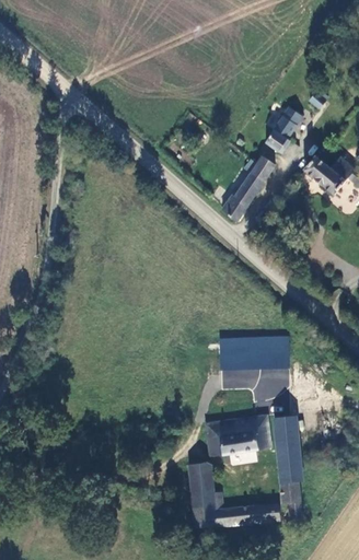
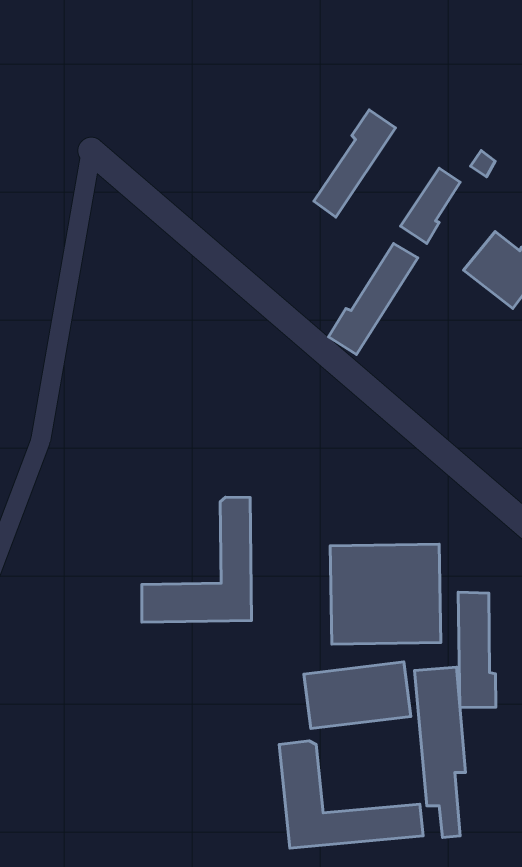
building: none -> [314,110,396,217]
building: none -> [142,497,251,622]
building: none -> [458,592,496,707]

